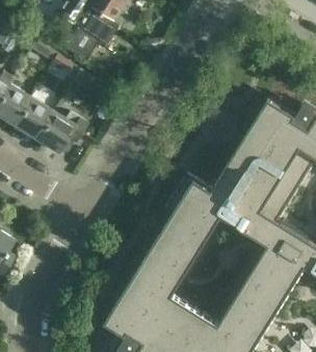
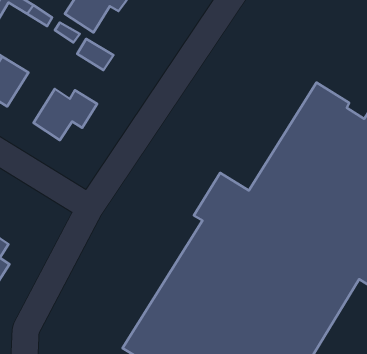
building: [10,96,50,137] -> none

